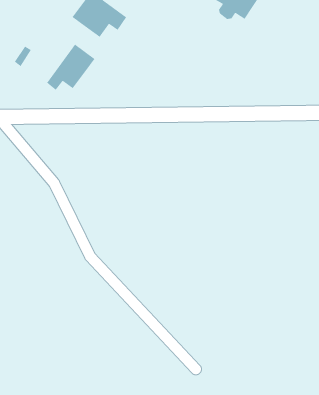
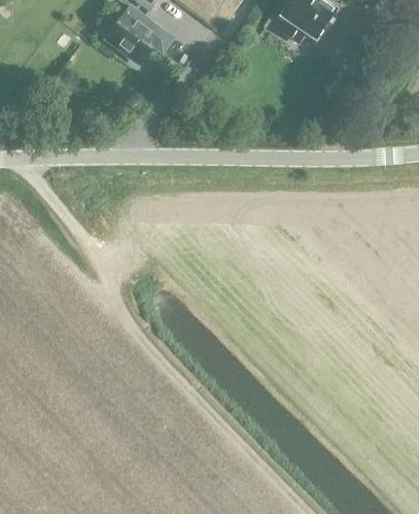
building: [46,44,95,91] -> none

